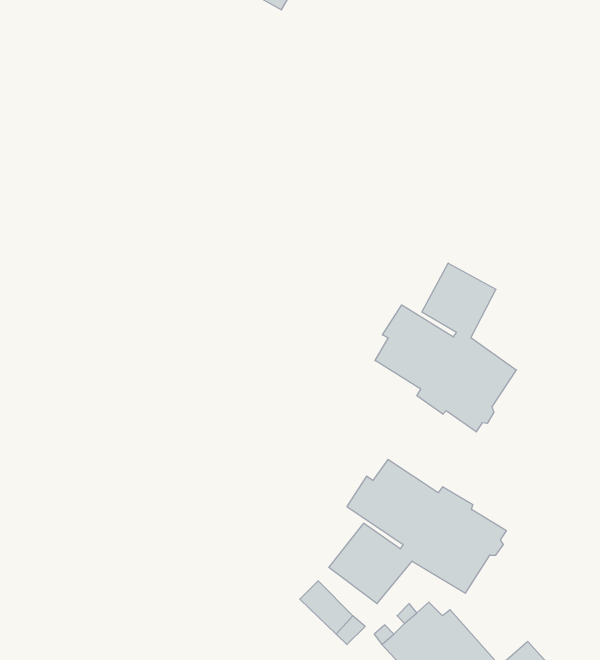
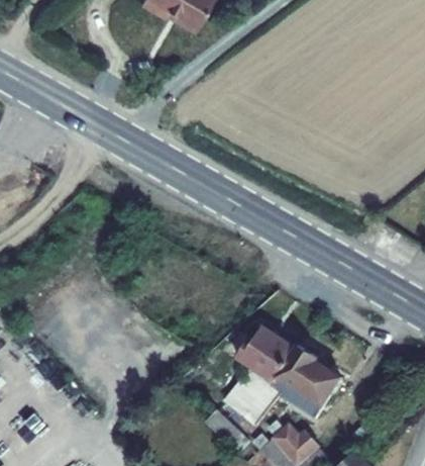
building: [375,263,516,432] -> none

